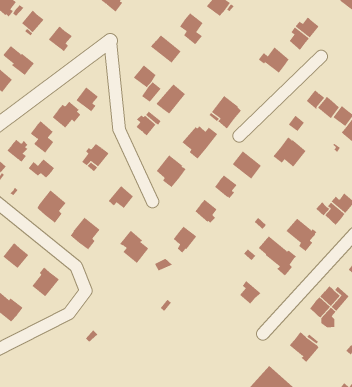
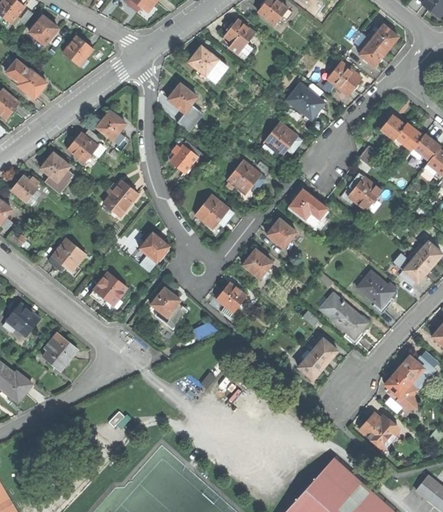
building: none -> [286,83,324,125]
building: [156,83,186,114] -> none
building: [28,159,55,178] -> none
building: none -> [306,338,337,365]

